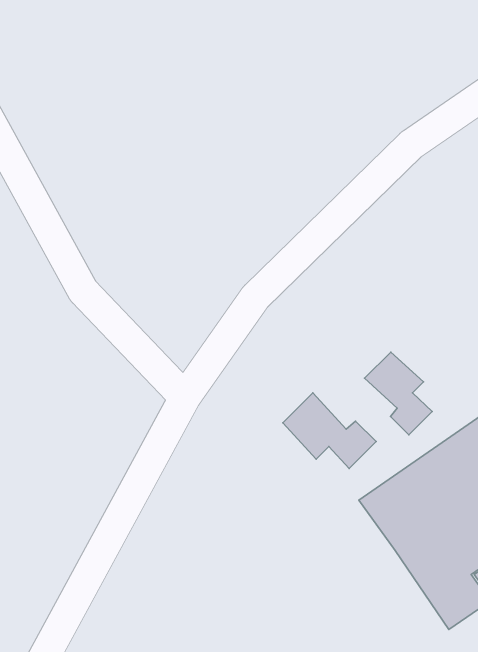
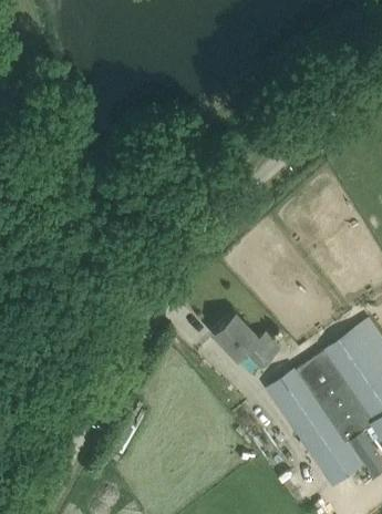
building: [364,352,432,435] -> none

